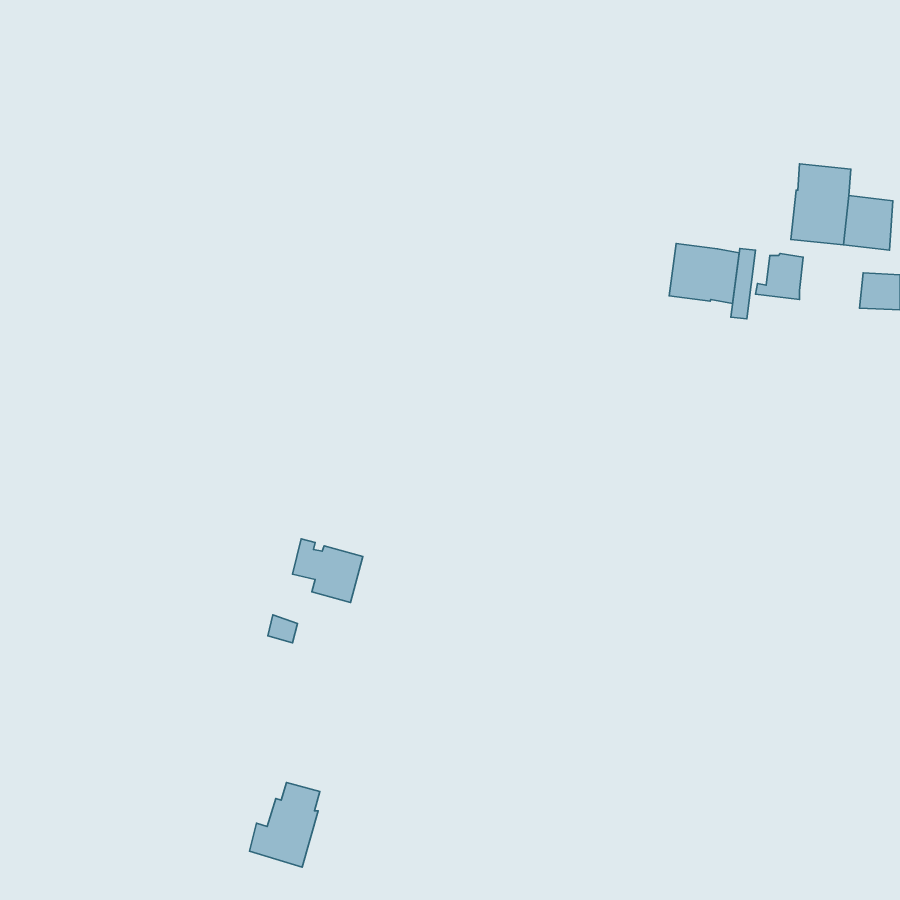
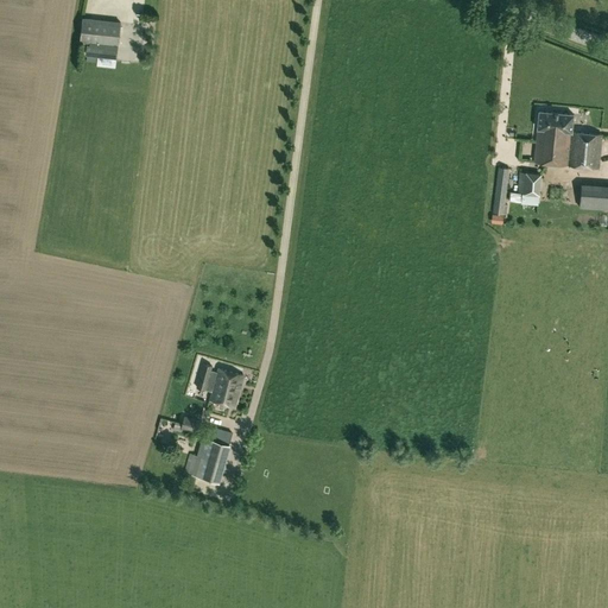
building: none -> [81,19,121,58]
building: [669,244,739,303] -> none
building: [249,783,320,867] -> [184,425,232,482]

